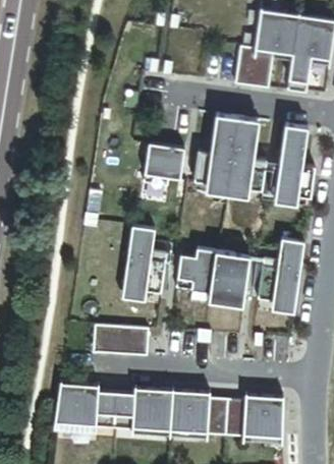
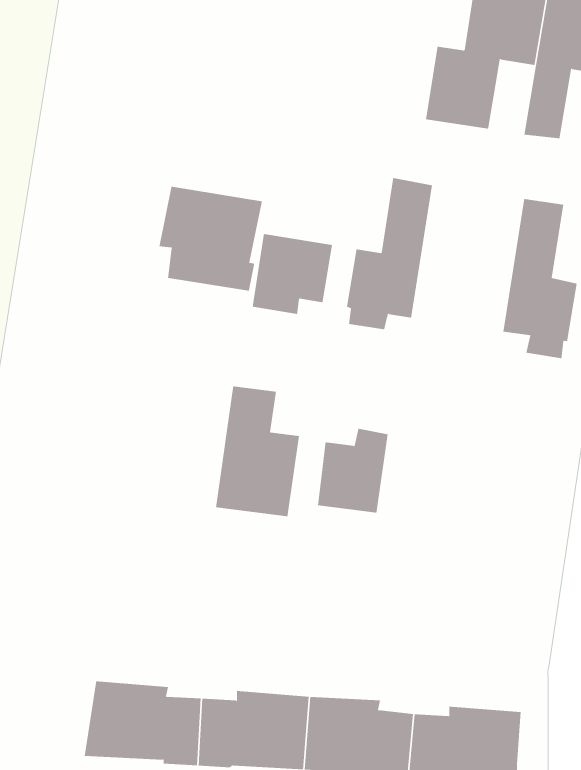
building: [227,121,267,196] -> none
building: none -> [159,186,262,291]
building: [259,242,303,306] -> none
building: [209,252,248,299] -> none
building: [93,325,149,356] -> none

